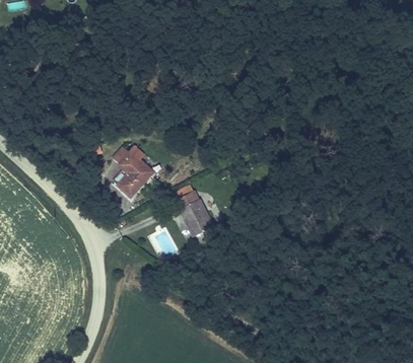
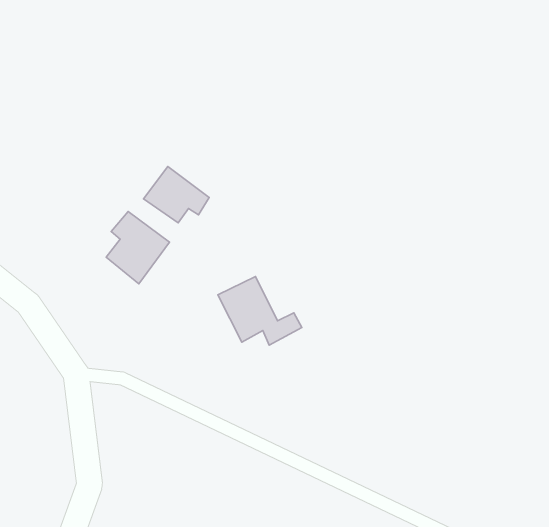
building: none -> [144,166,209,223]

